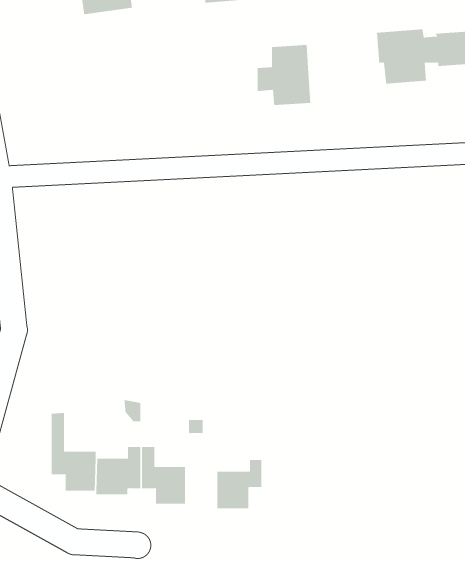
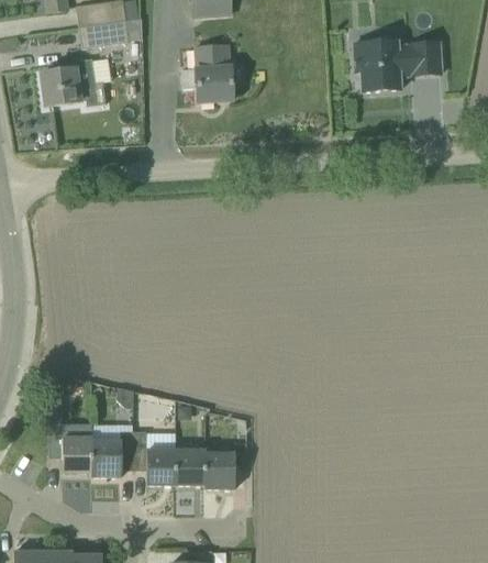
building: none -> [80,20,129,47]
building: [257,44,311,106] -> [182,44,233,101]
building: none -> [42,57,107,106]
building: none -> [176,449,206,484]

